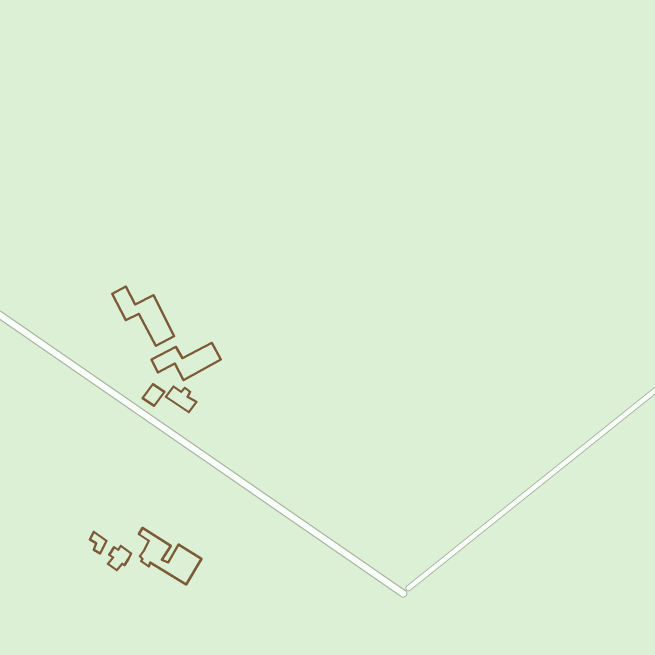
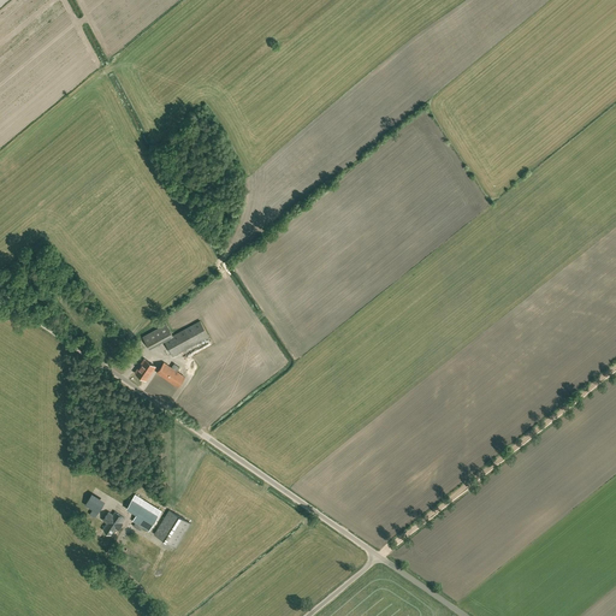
building: [112,286,174,346] -> none

